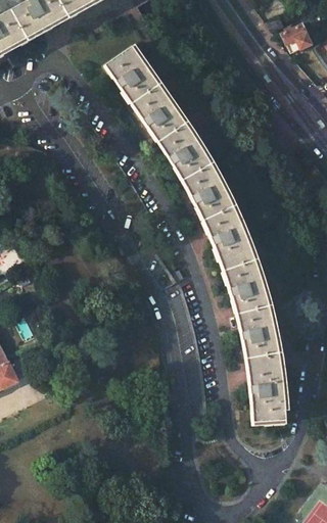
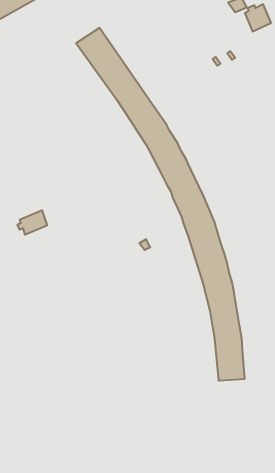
building: none -> [18,210,47,235]

